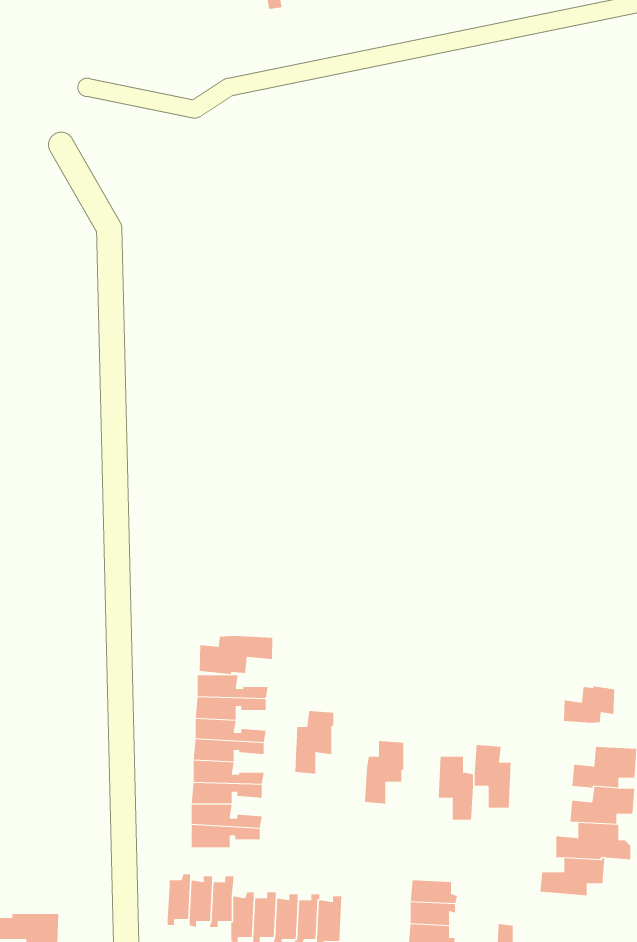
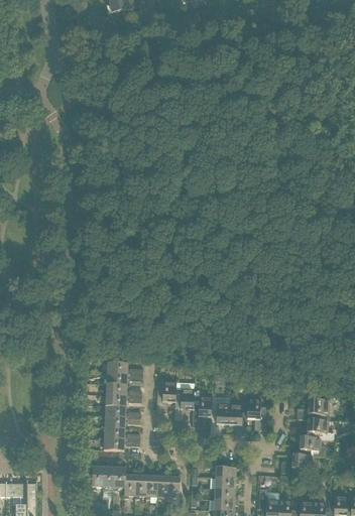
building: [199,635,273,675] -> none
building: [563,686,615,723] -> none
building: none -> [174,388,194,419]
building: none -> [210,402,230,434]

